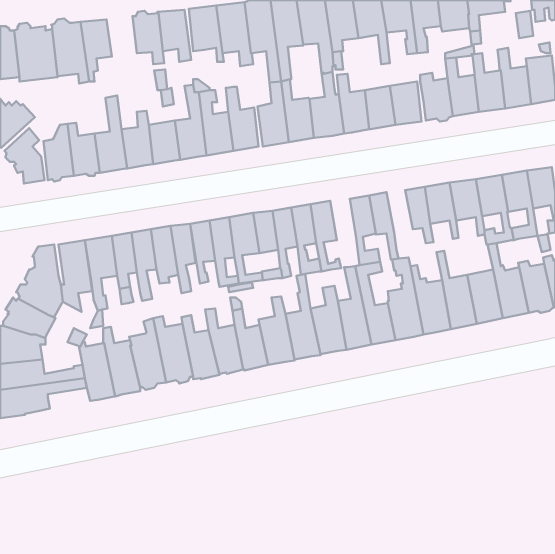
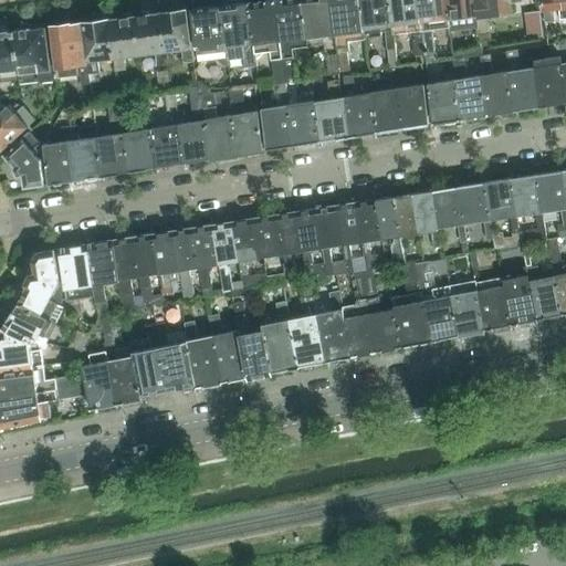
building: none -> [108,14,139,80]
building: none -> [394,195,420,238]
building: none -> [336,203,363,274]

